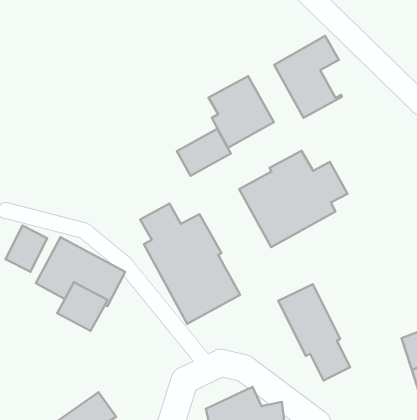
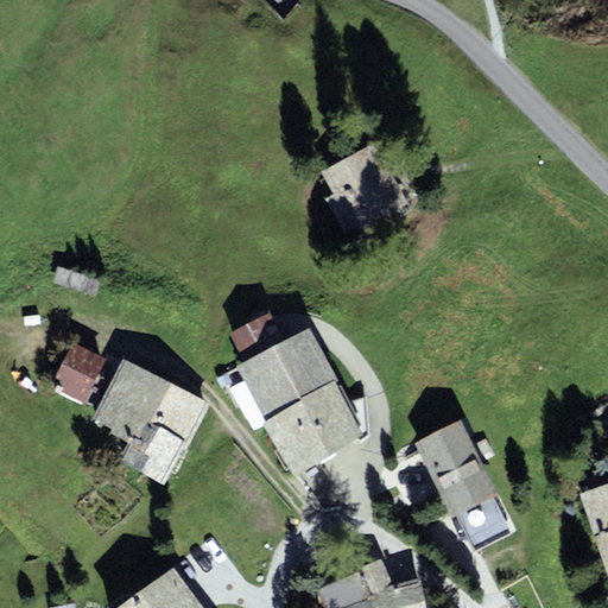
building: [274,36,342,118] -> none
building: [177,129,231,176] -> none
building: [239,151,347,247] -> none

